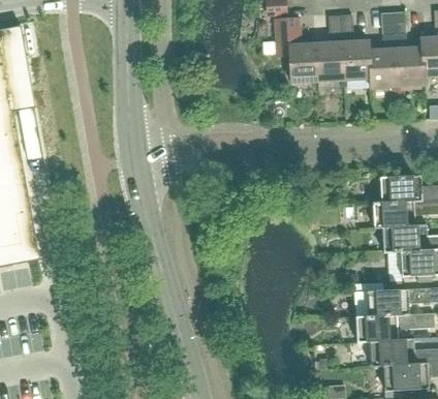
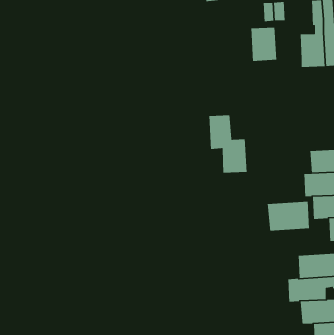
building: [274,19,316,83] -> [208,115,247,174]
building: [341,42,369,80] -> none
building: none -> [267,201,310,232]

